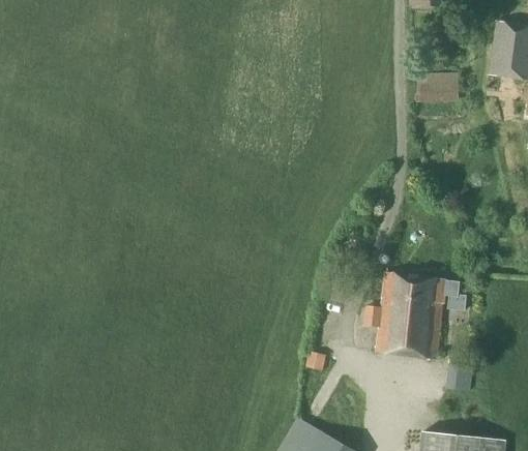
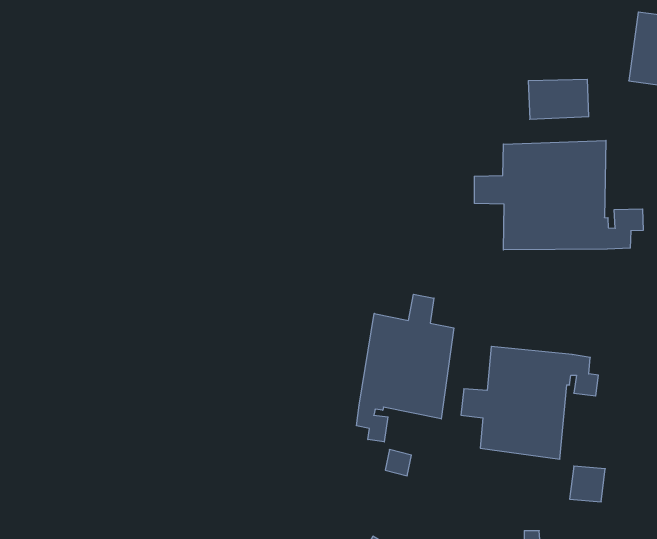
building: none -> [474,140,643,250]
building: none -> [357,294,454,442]

